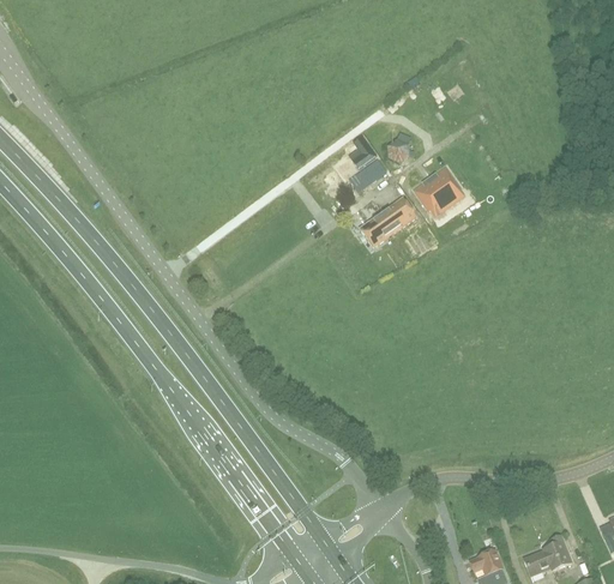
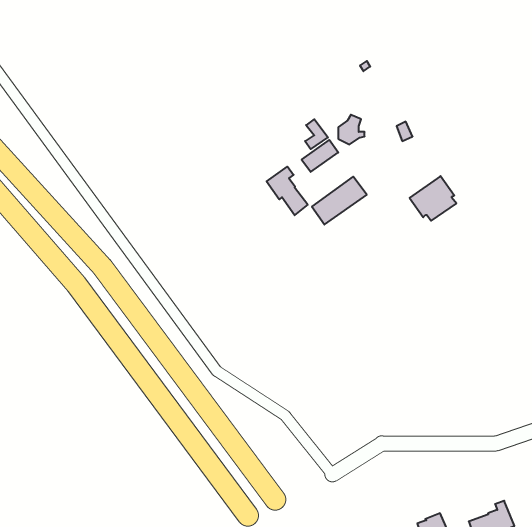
building: [411,167,460,213] -> [410,176,456,221]
building: none -> [267,167,308,215]

